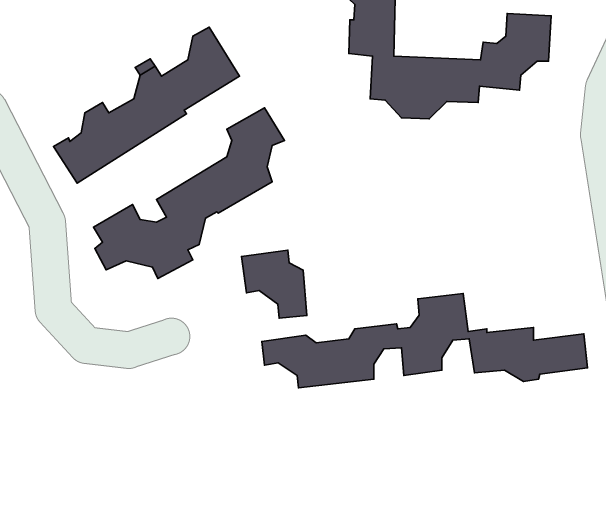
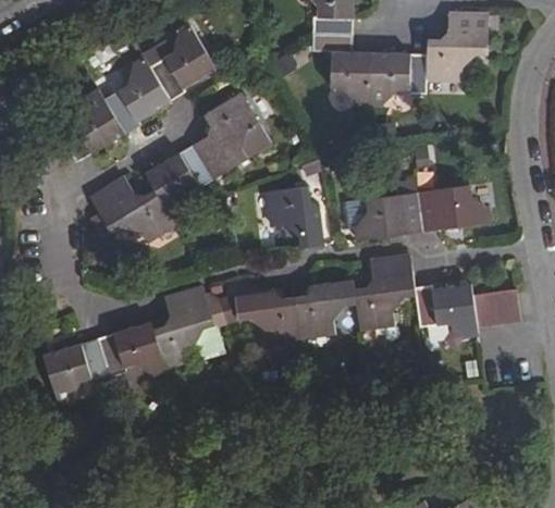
building: none -> [355,186,489,240]
building: [241,250,307,318] -> [268,188,324,247]
building: none -> [44,289,211,399]

